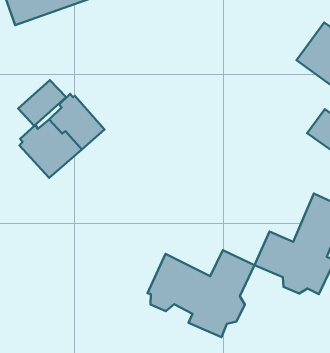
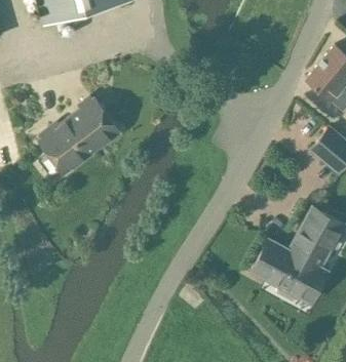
building: [18,80,66,126] -> none
building: [147,250,255,337] -> none

